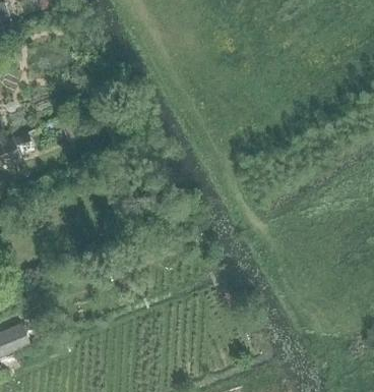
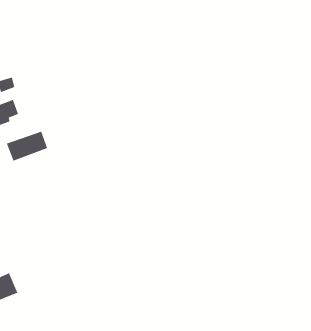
building: none -> [6,131,48,162]

